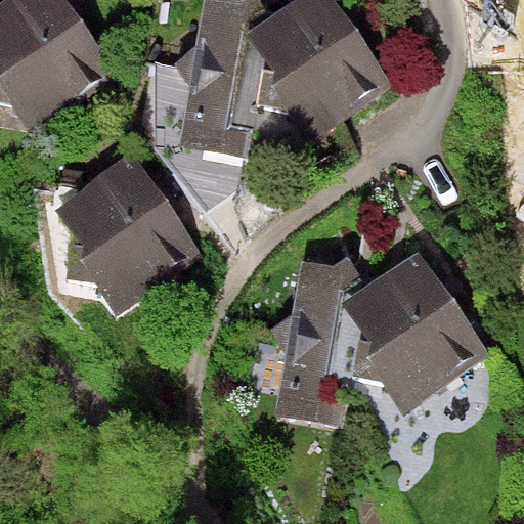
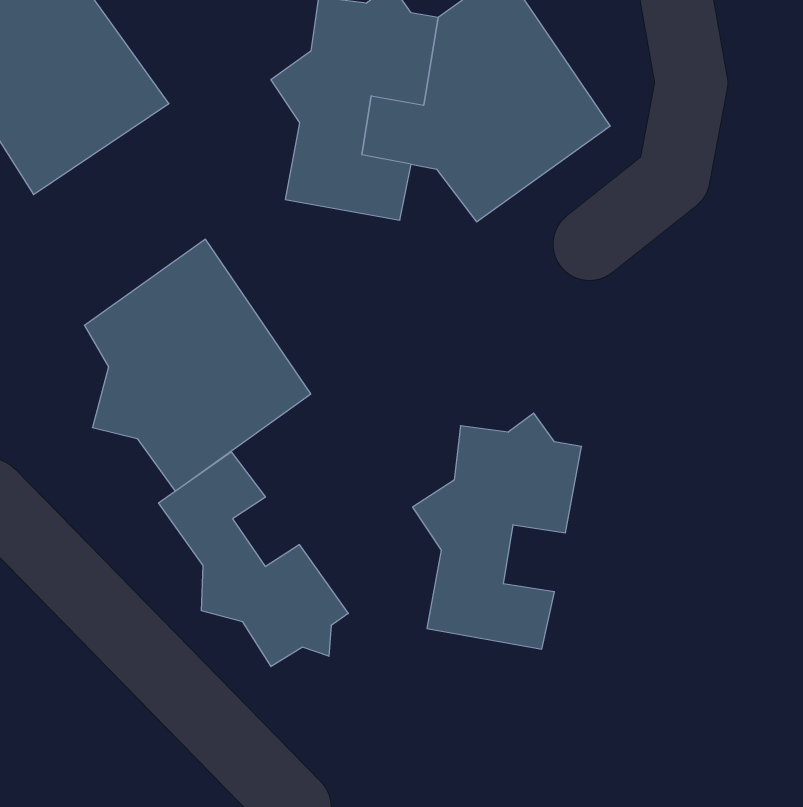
building: [323,256,484,418] -> none
building: none -> [159,452,348,667]

